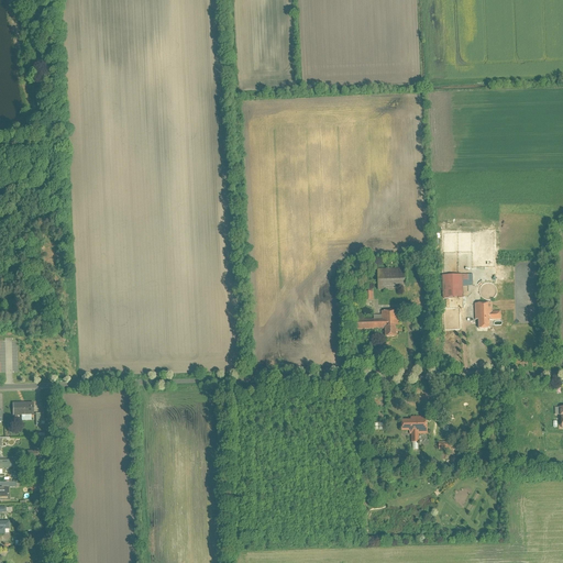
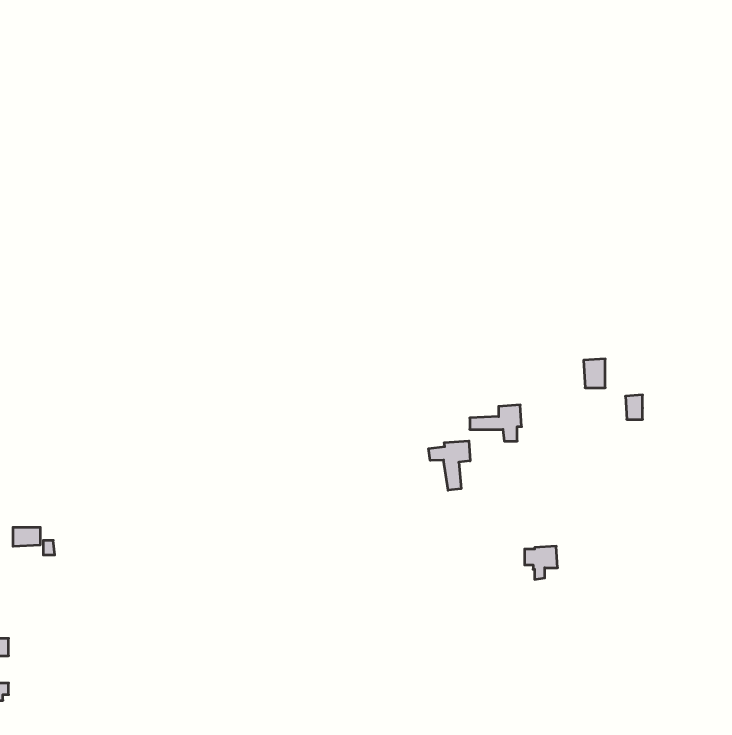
building: [376,268,404,288] -> none
building: none -> [429,441,470,490]

